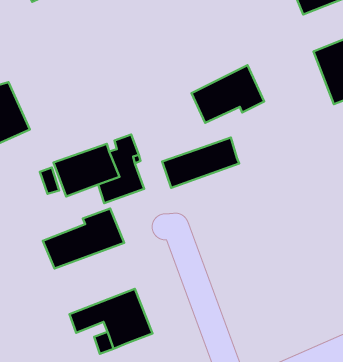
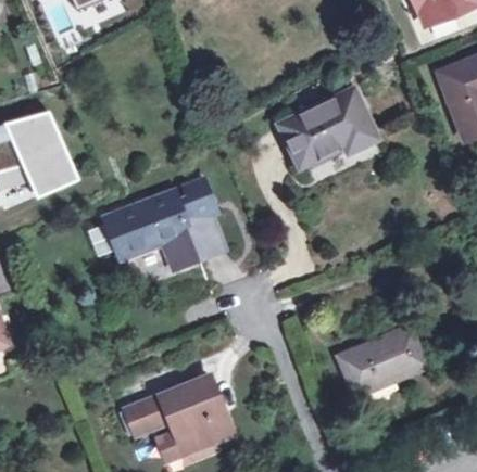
building: [162,138,239,188] -> none
building: [43,209,124,268] -> none
building: none -> [337,327,425,397]

